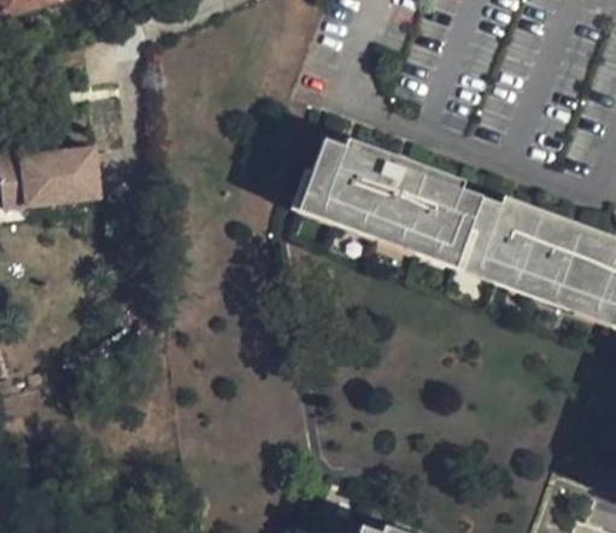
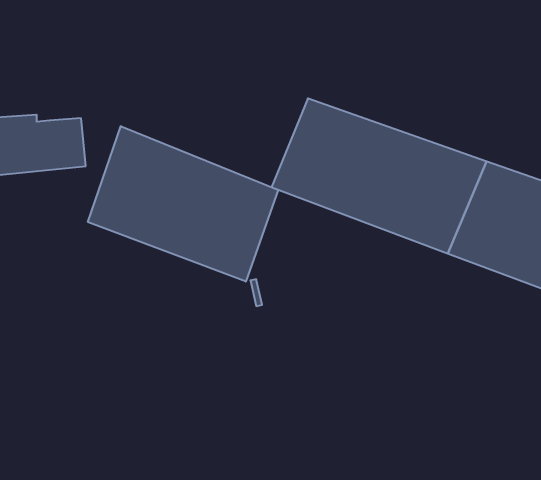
building: none -> [88,126,278,282]

